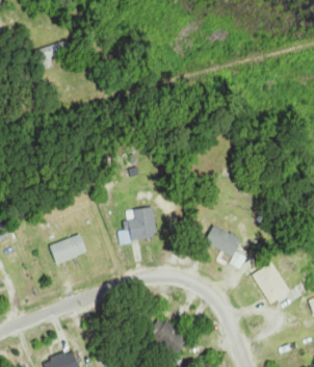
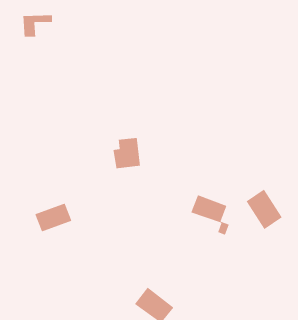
building: [128,207,156,239] -> [113,137,141,169]
building: [253,262,290,304] -> [246,189,283,230]

